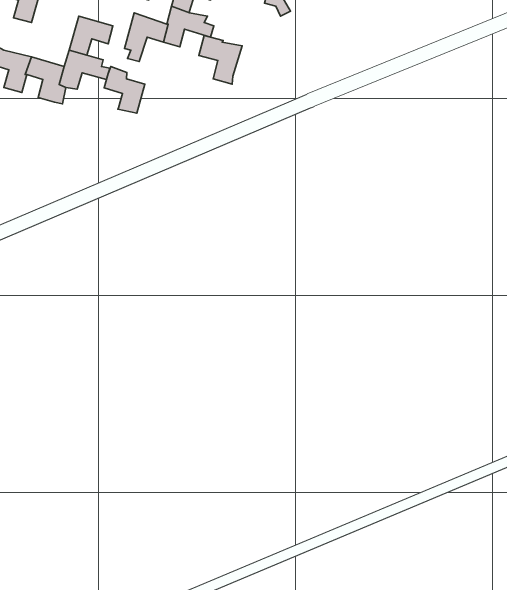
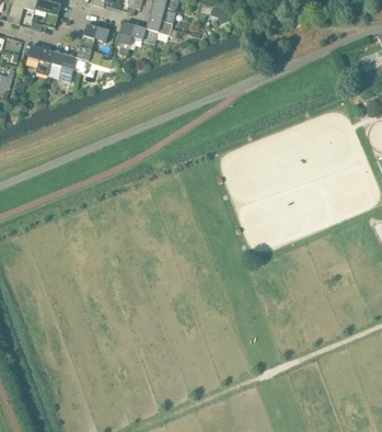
building: [199,35,242,84] -> none
building: [104,67,145,113] -> none

